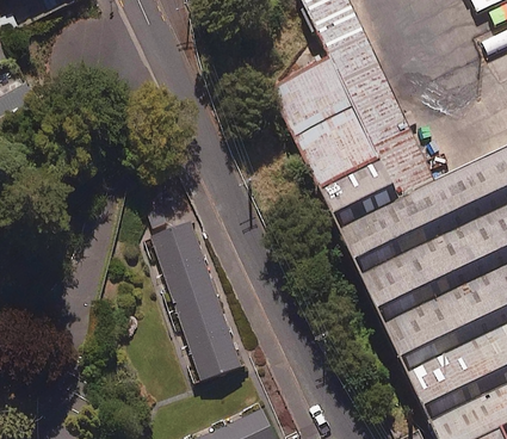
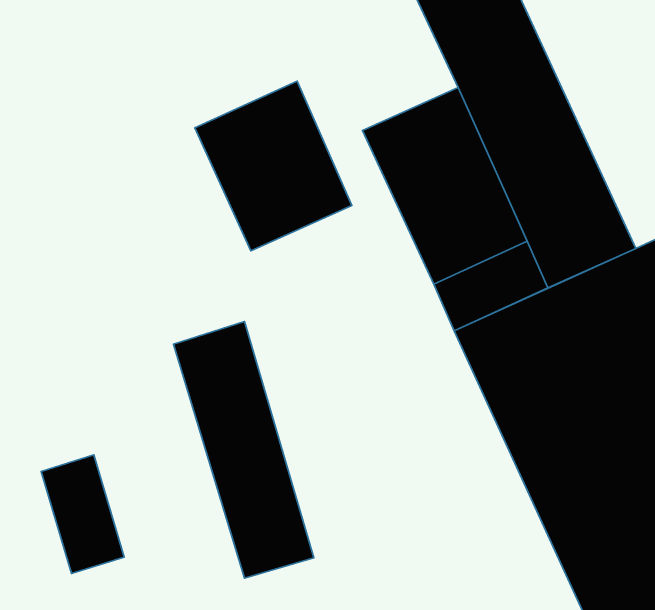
building: none -> [195,81,352,251]
building: none -> [41,455,124,574]

